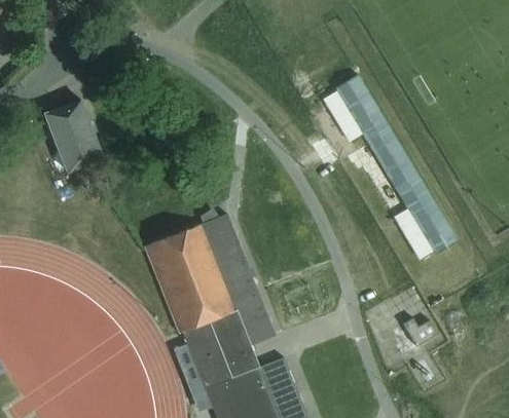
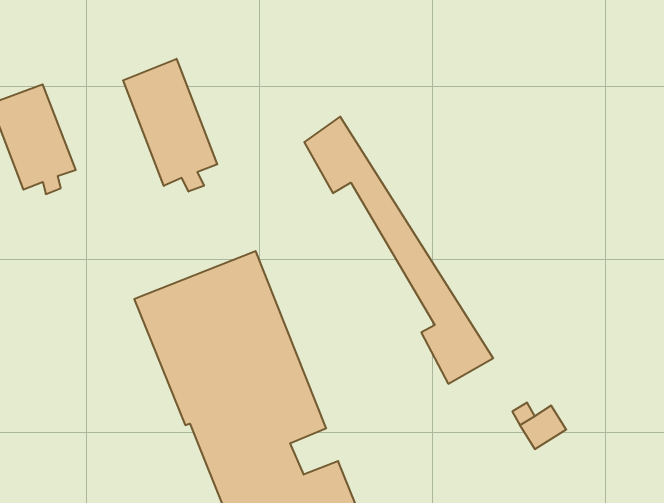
building: [320,72,449,255] -> [304,117,493,384]
building: none -> [123,59,217,192]

